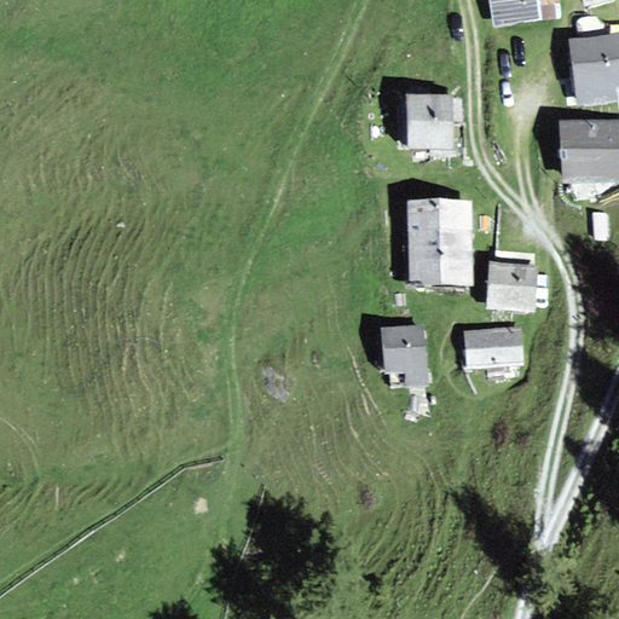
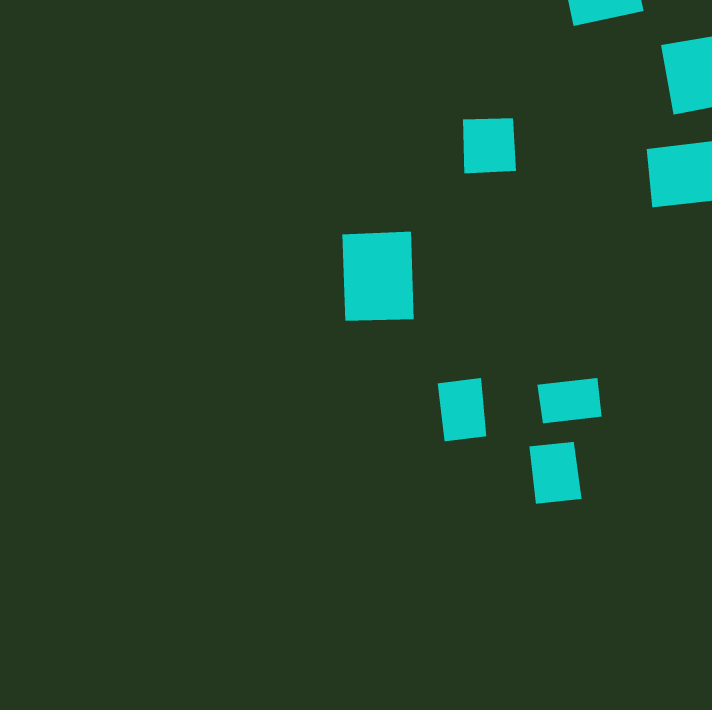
building: [405,206,468,283] -> [342,231,415,321]
building: [490,264,536,307] -> none
building: none -> [529,441,582,504]

